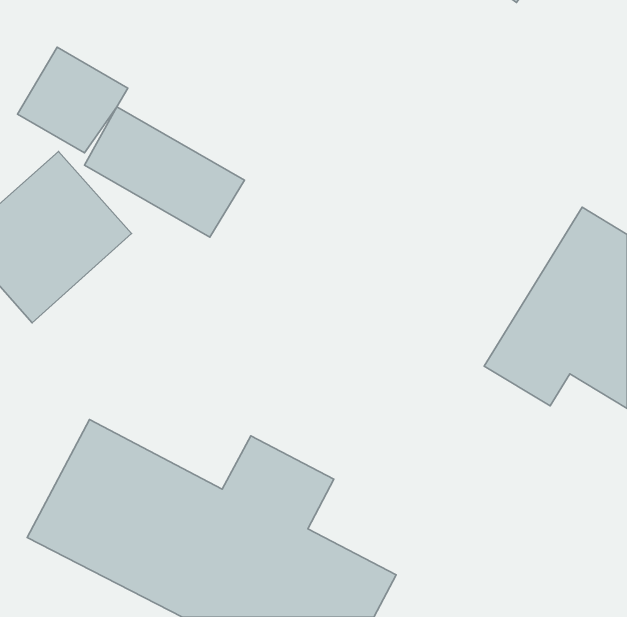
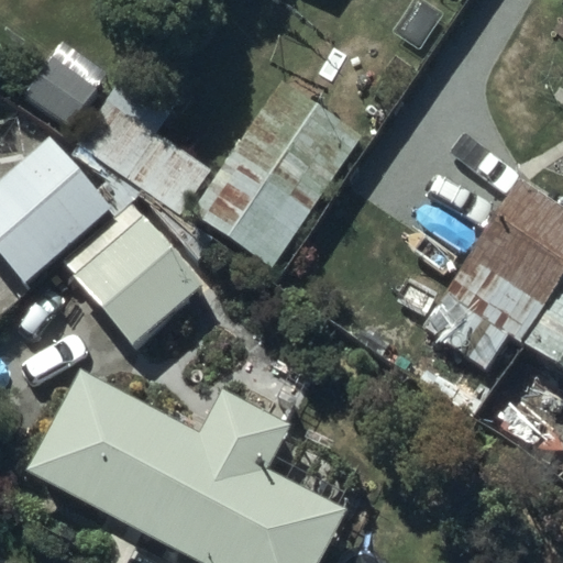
building: none -> [190,76,365,267]
building: none -> [80,223,207,346]

